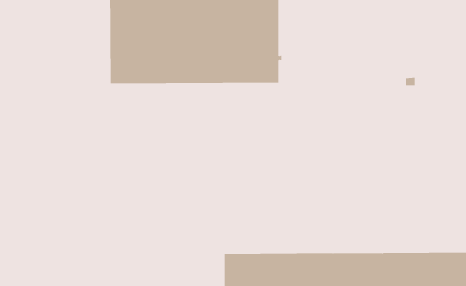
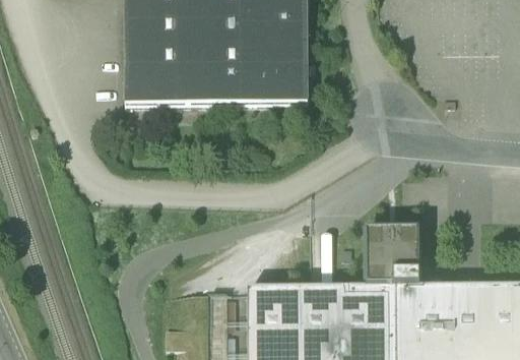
building: none -> [366,230,419,288]

